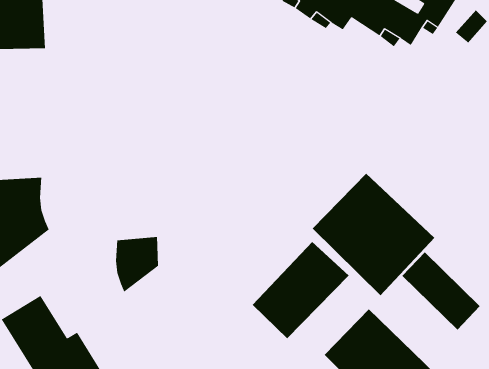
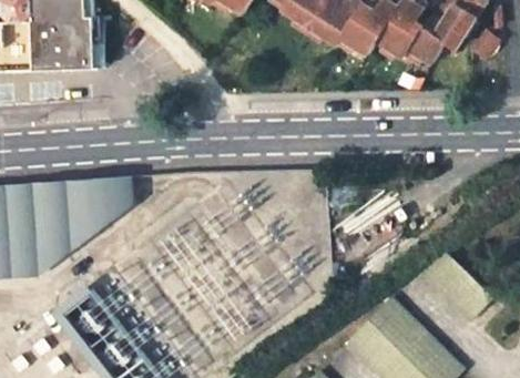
building: [312,173,435,296] -> none
building: [115,237,159,292] -> [91,177,131,228]
building: [252,241,349,339] -> none

